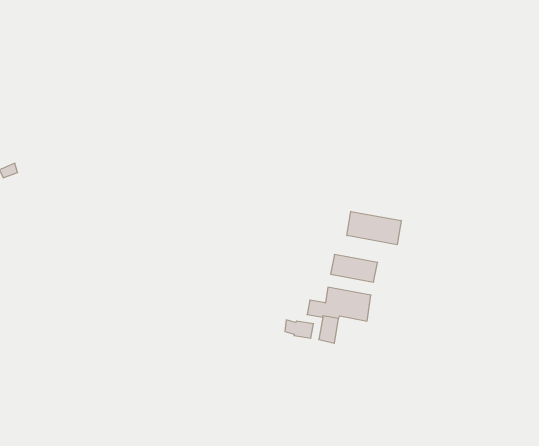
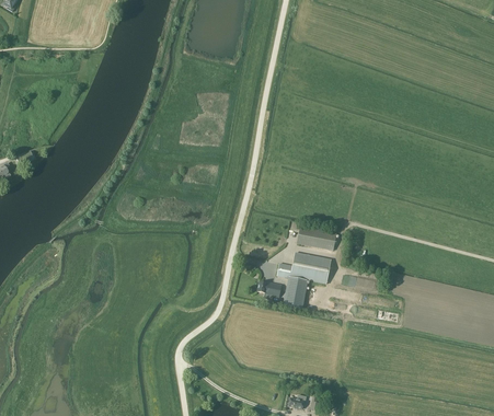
building: [347,211,401,245] -> none

